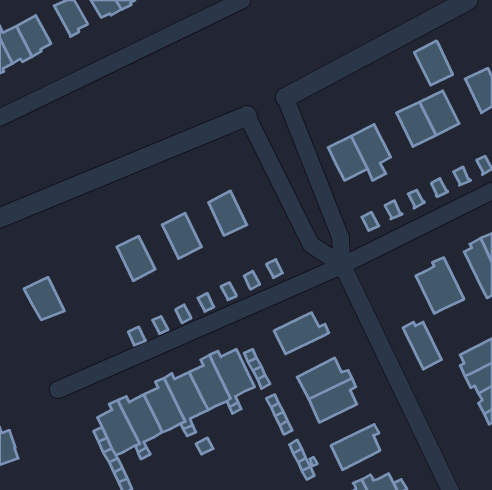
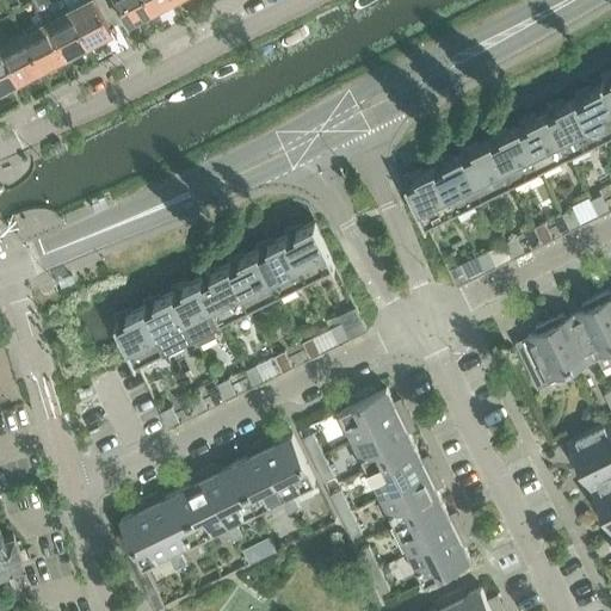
building: none -> [44,11,87,57]
building: [414,41,453,85] -> [548,101,595,156]
building: none -> [463,143,511,198]
building: none -> [285,226,334,282]
building: none -> [229,254,277,309]
building: none -> [172,282,221,347]
building: [24,277,64,320] -> [115,309,165,362]
building: [403,322,442,369] -> [549,315,597,374]
building: none -> [353,415,414,470]
building: none -> [395,504,463,555]

